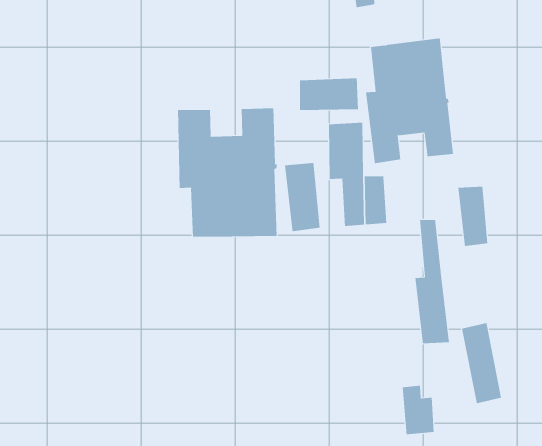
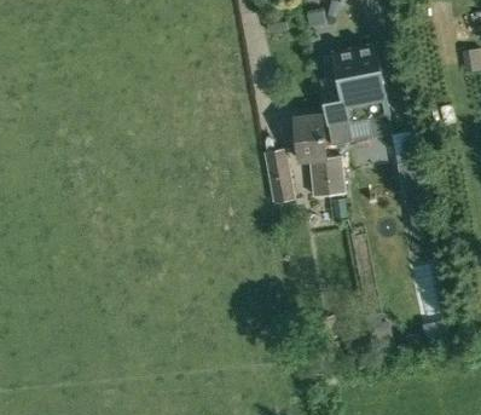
building: [299,77,359,111] -> none
building: [178,107,277,238] -> none
building: [415,219,449,344] -> none

